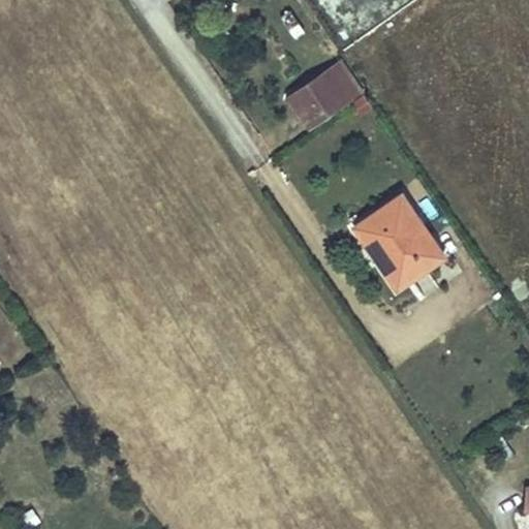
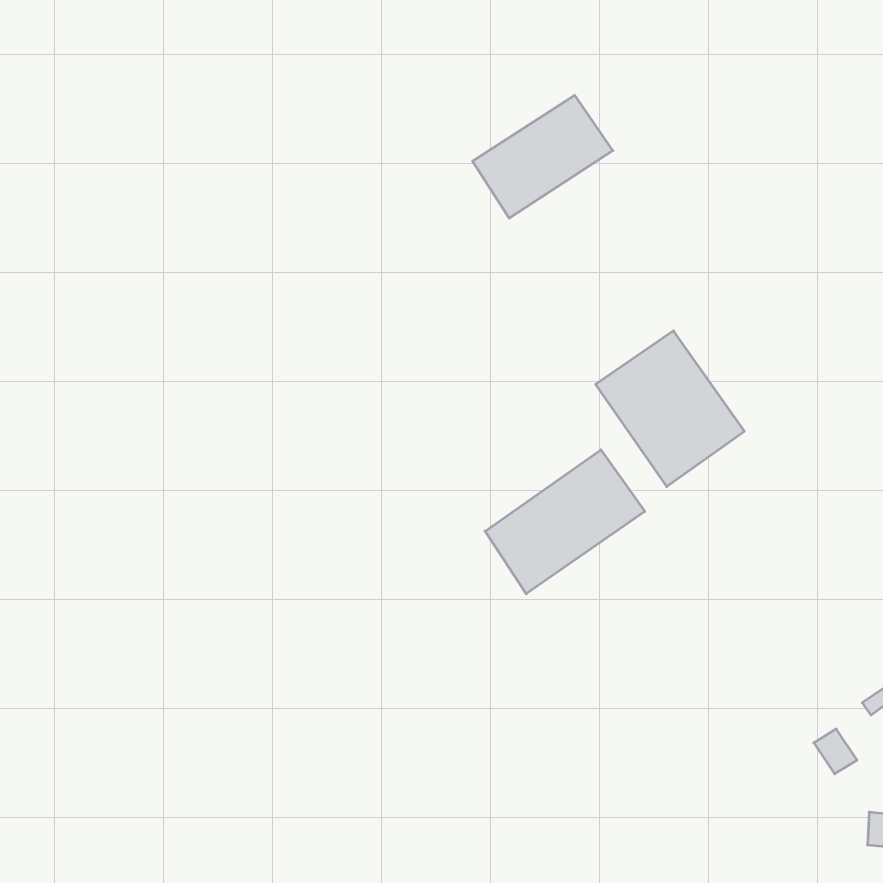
building: none -> [485,450,645,594]

